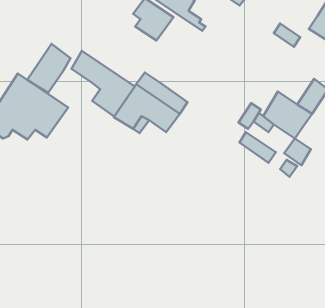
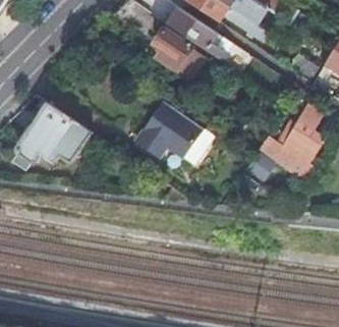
building: [27,44,71,93] -> none
building: [71,51,135,117] -> none

